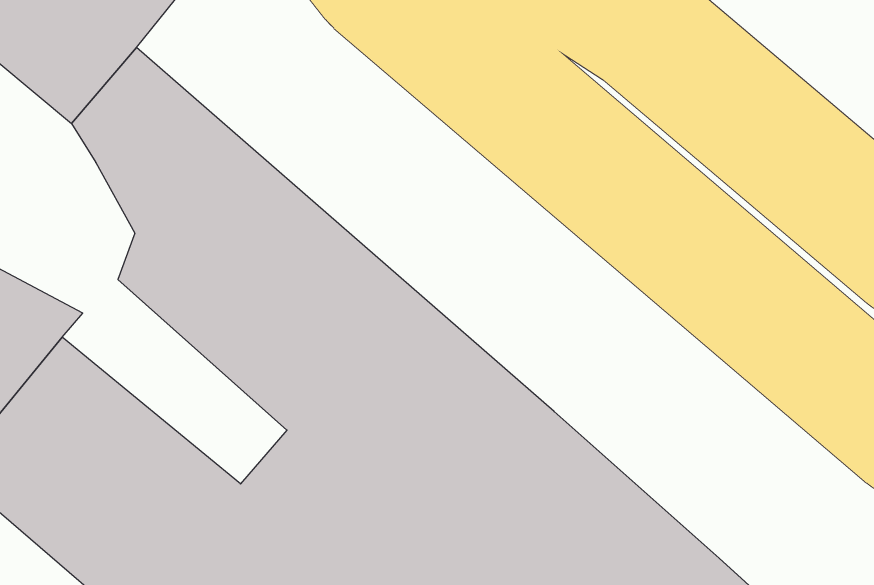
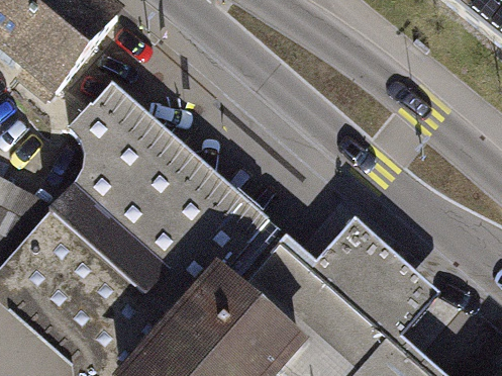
building: none -> [312,213,440,336]

